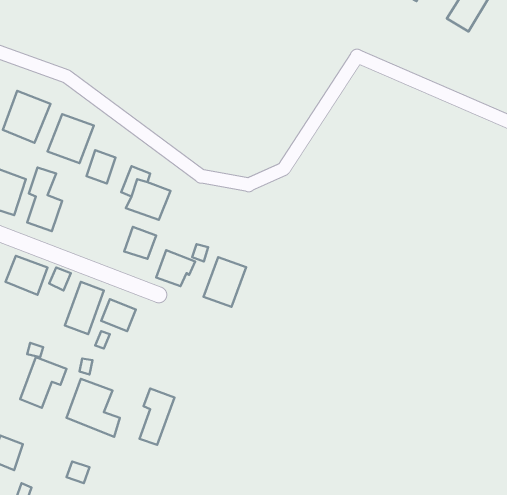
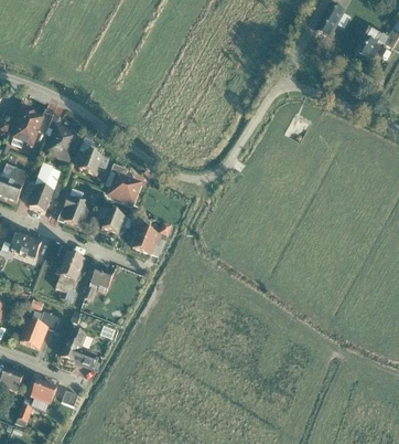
building: none -> [63,197,89,224]
building: [203,257,246,307] -> none
building: [139,388,175,445] -> none
building: none -> [32,379,61,404]

